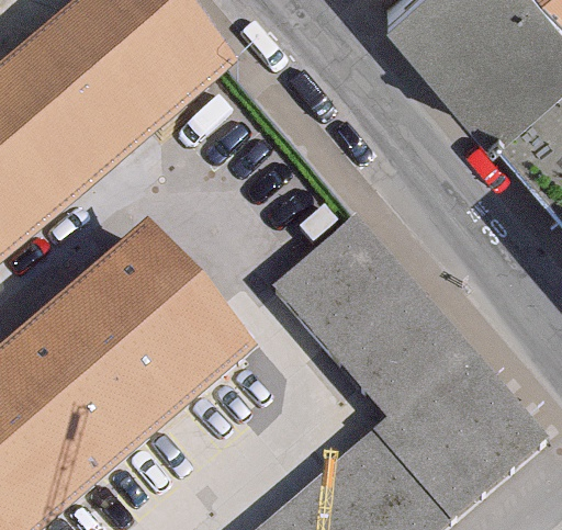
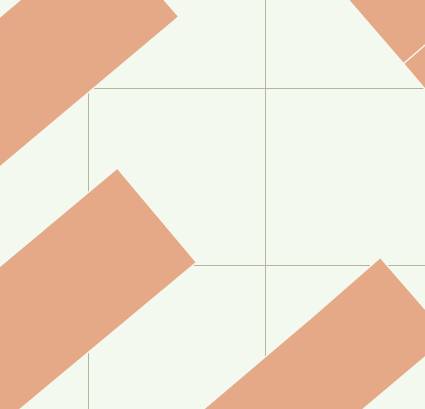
building: [273,217,462,413] -> none

